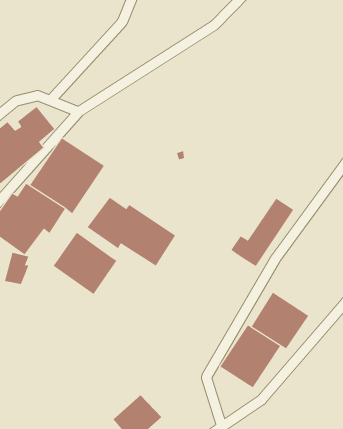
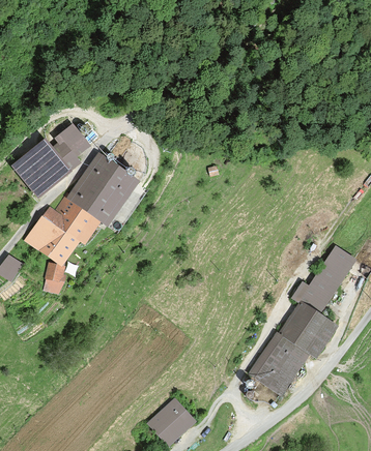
building: [87,197,176,267] -> none
building: [230,198,294,267] -> [292,246,353,312]
building: [53,232,117,295] -> none

